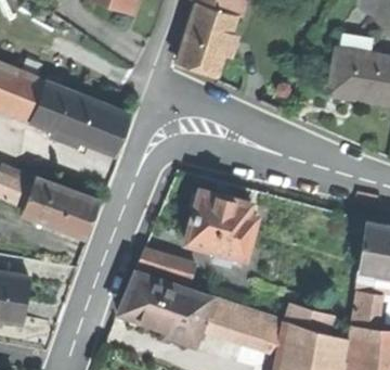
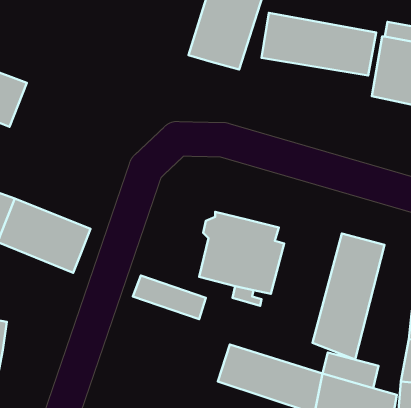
building: none -> [262,13,376,76]
building: [30,82,127,154] -> none
building: none -> [312,233,385,360]
building: [119,270,211,341] -> none

